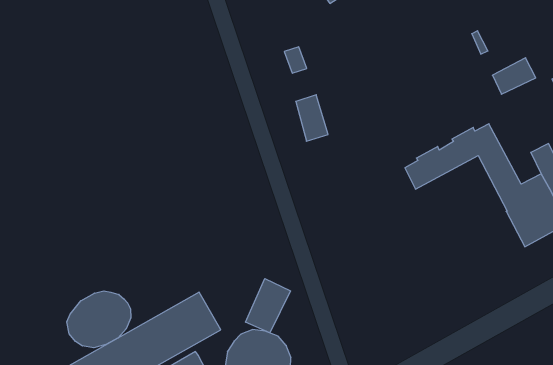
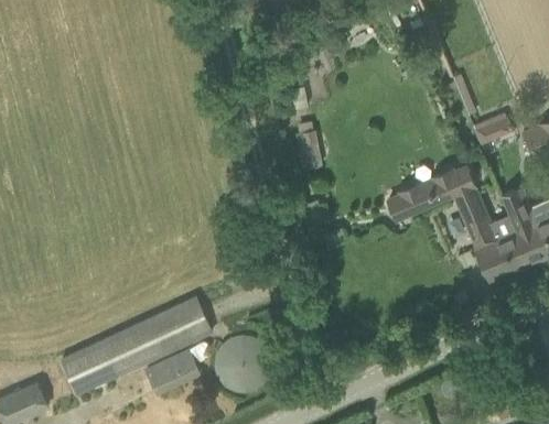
building: [246,279,291,333] -> none
building: [67,291,131,348] -> none

